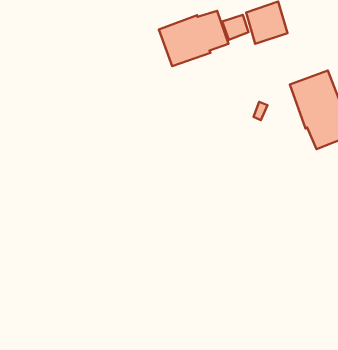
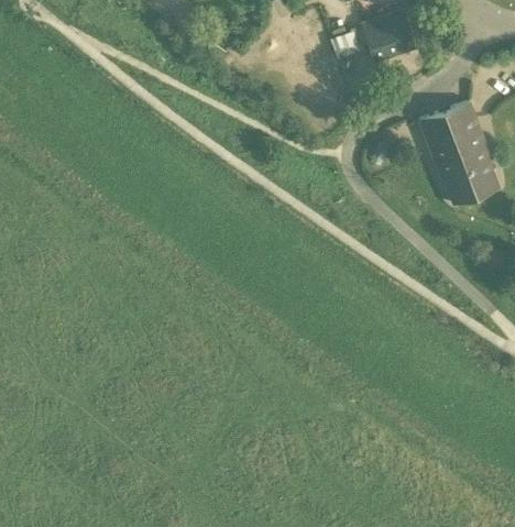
building: [159,11,229,66] -> none

